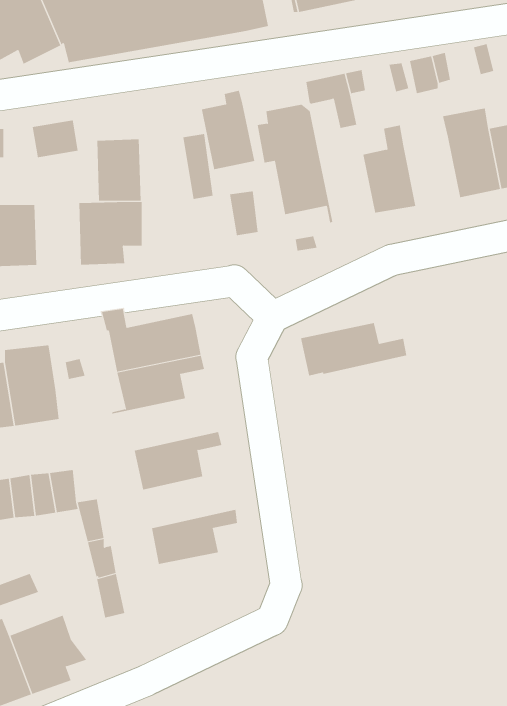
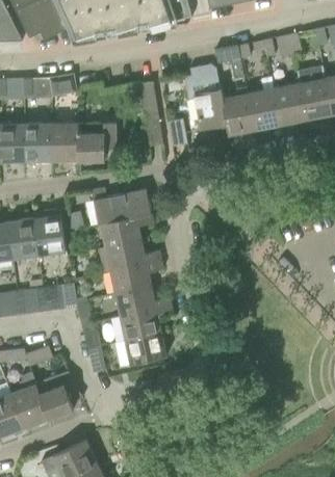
building: [198,90,255,170] -> [220,87,254,135]
building: none -> [272,84,305,126]
building: [96,139,141,201] -> [50,124,77,161]
building: [300,323,407,376] -> [96,241,160,273]
building: none -> [114,288,171,319]
building: none -> [124,334,165,365]

